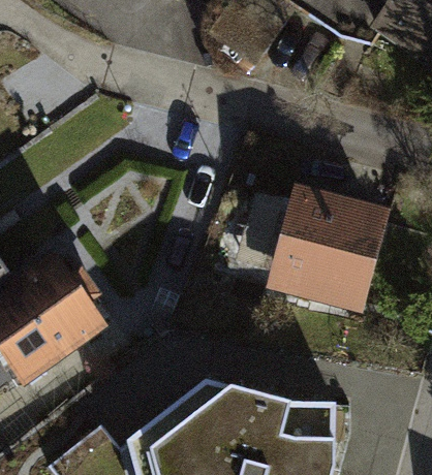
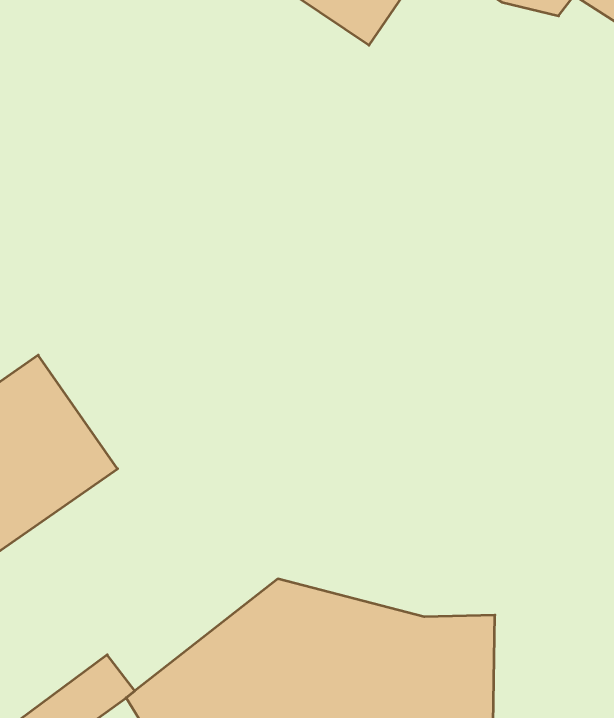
building: [269,187,387,309] -> none

